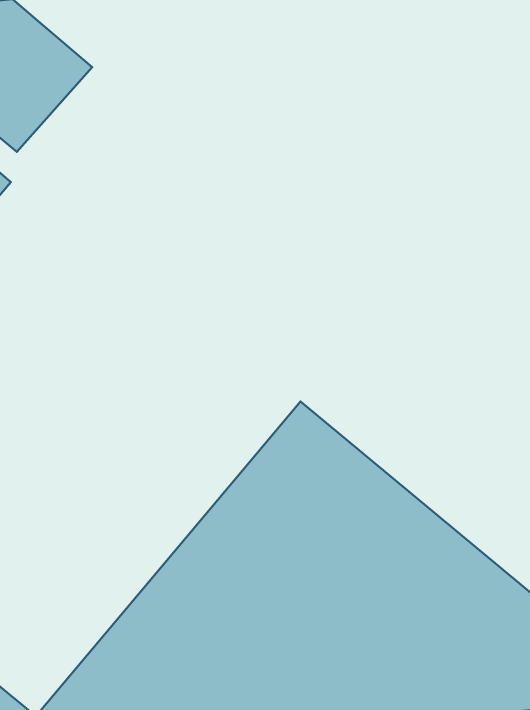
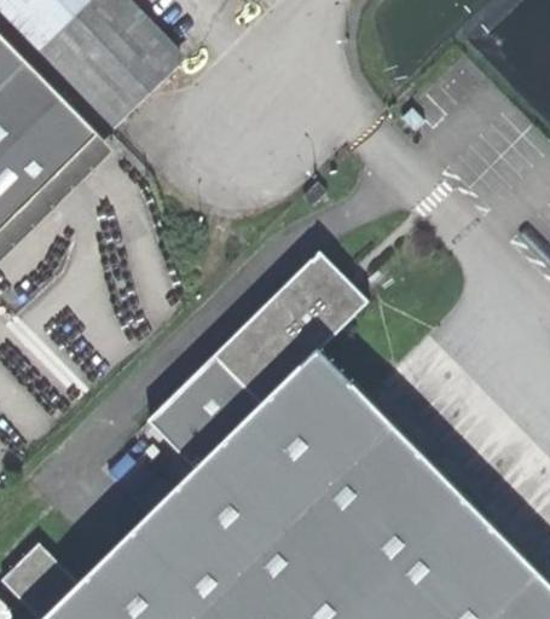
building: none -> [151,254,369,468]

